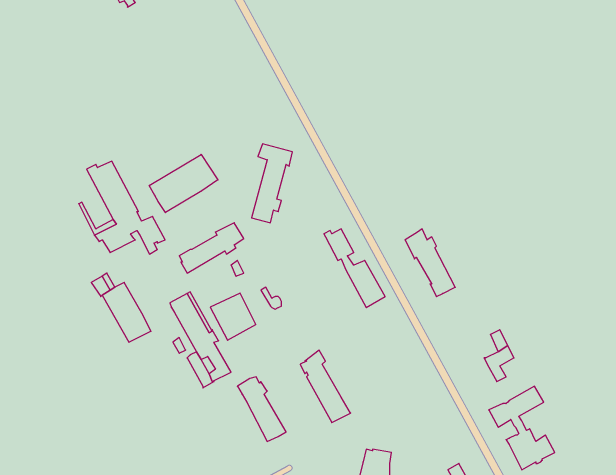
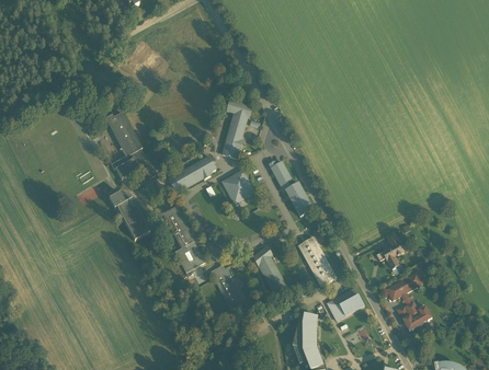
building: [149,154,218,213] -> none
building: [405,229,455,297] -> [299,239,334,286]
building: [210,293,256,340] -> [223,171,254,204]
building: none -> [328,289,365,321]

